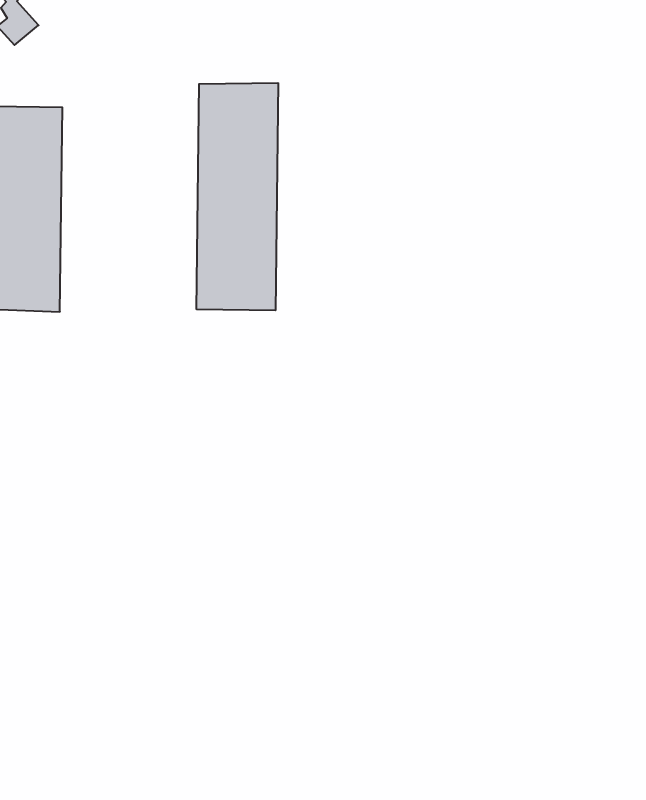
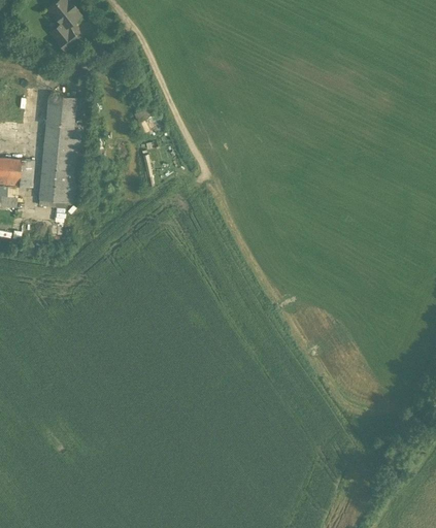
building: [197,83,278,310] -> none

